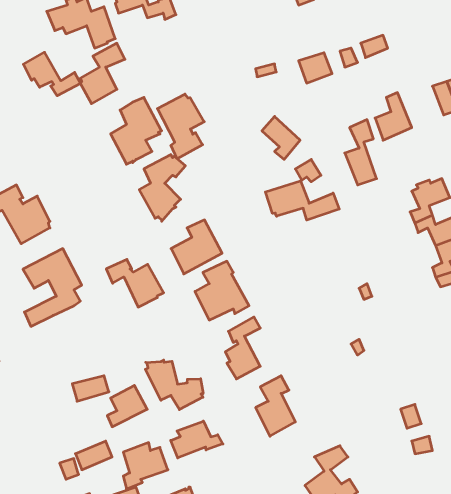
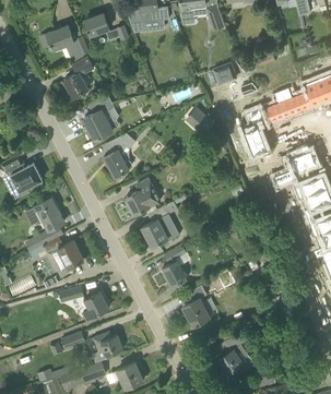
building: [23,52,80,96] -> none
building: none -> [281,88,310,116]
building: [157,94,204,159] -> none
building: [265,181,339,220] -> none
building: [106,259,164,307] -> [45,238,84,271]
building: [145,360,203,410] -> none
building: [171,421,223,458] -> none

